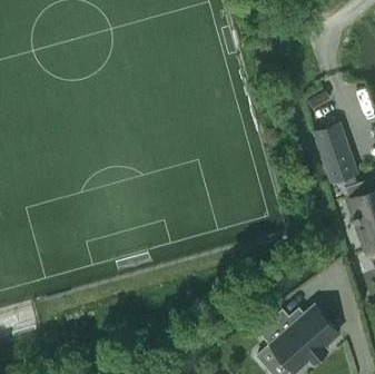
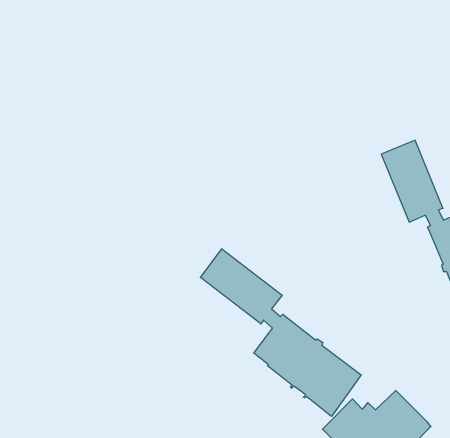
building: none -> [200,249,361,416]

